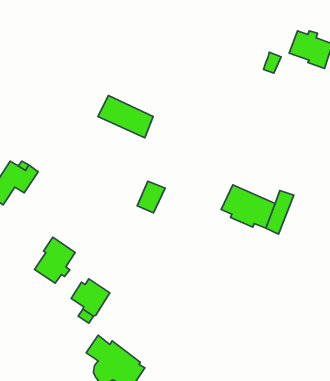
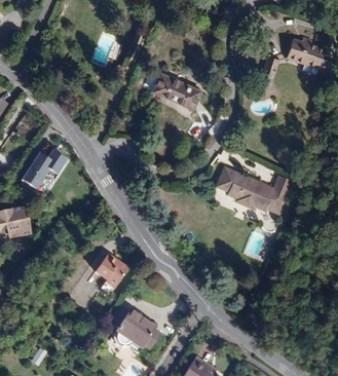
building: [98,95,153,138] -> [151,72,199,109]
building: [137,181,165,213] -> [212,165,236,193]
building: [34,237,75,283] -> none

